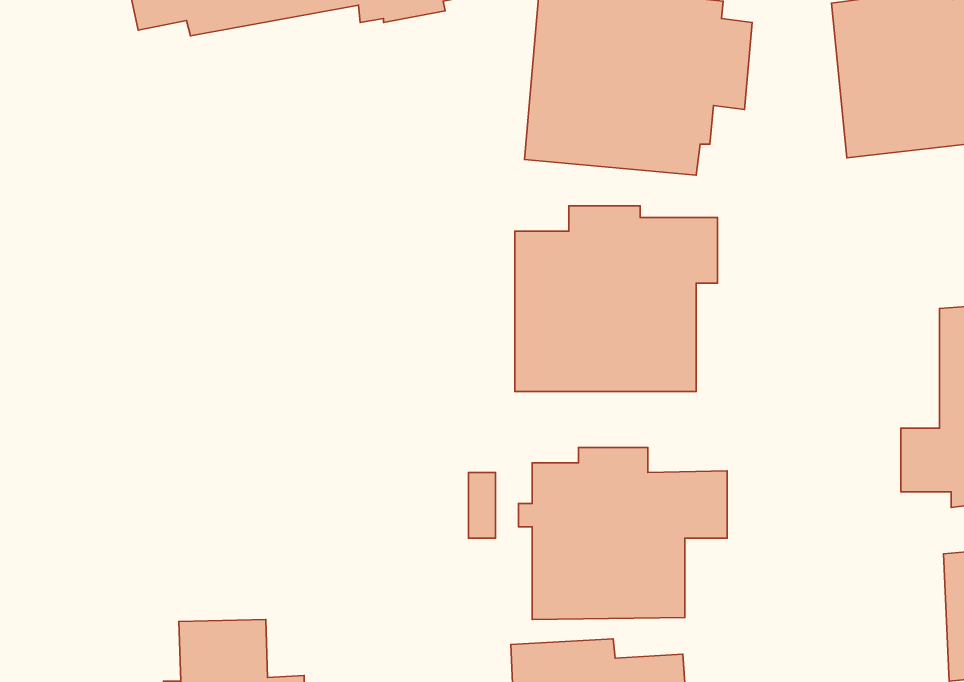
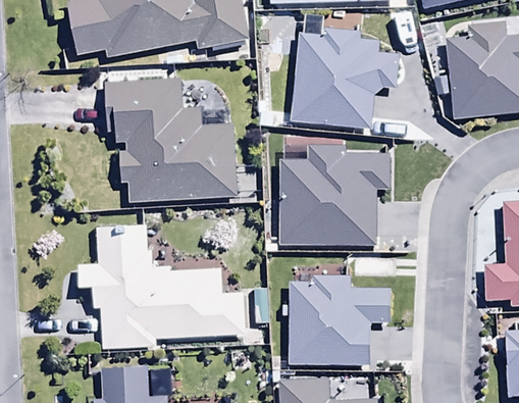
building: none -> [105,79,239,200]
building: none -> [77,226,248,349]

